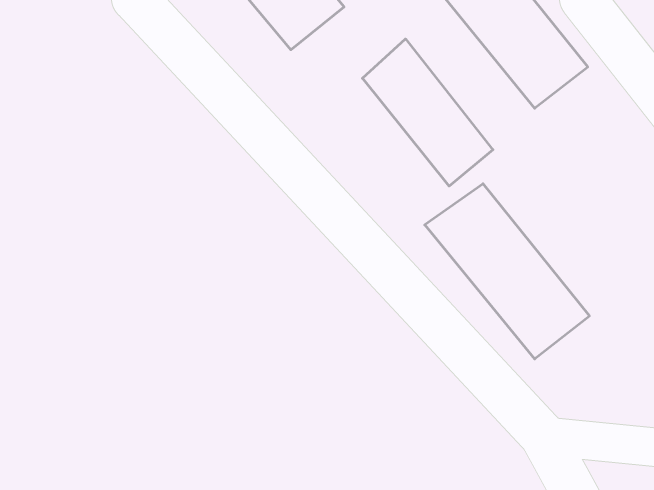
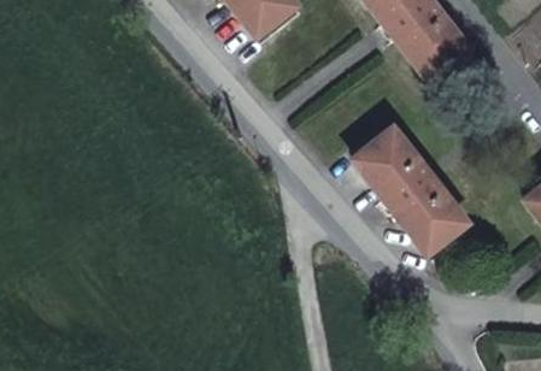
building: [362,39,493,186] -> none

